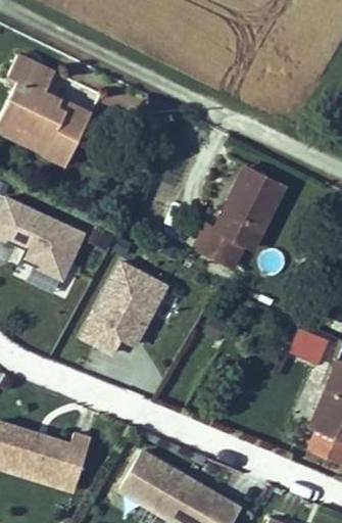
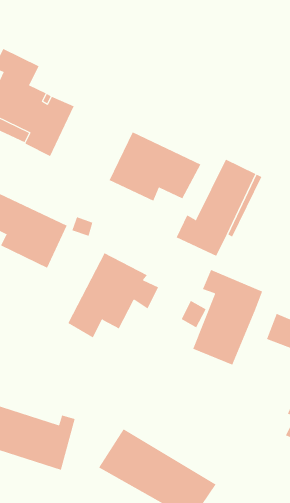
building: none -> [109,131,201,202]
building: none -> [193,269,263,366]

